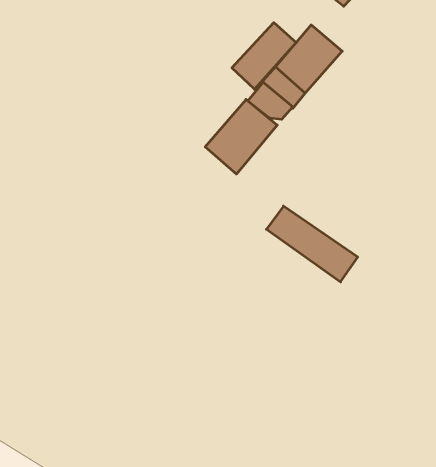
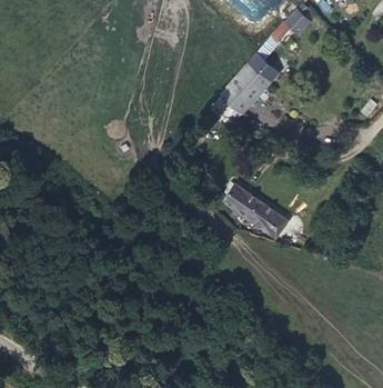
building: [232,23,296,89] -> none
building: [205,99,277,174] -> none

